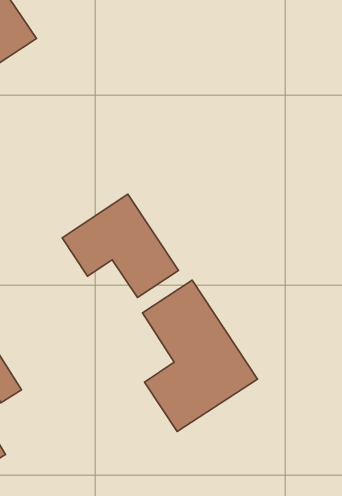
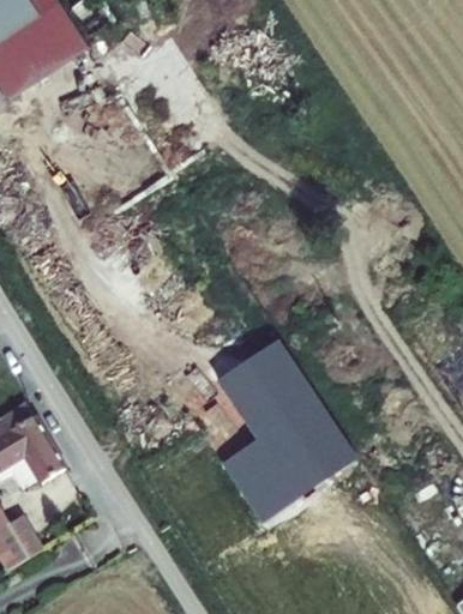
building: [62,194,178,297] -> none

